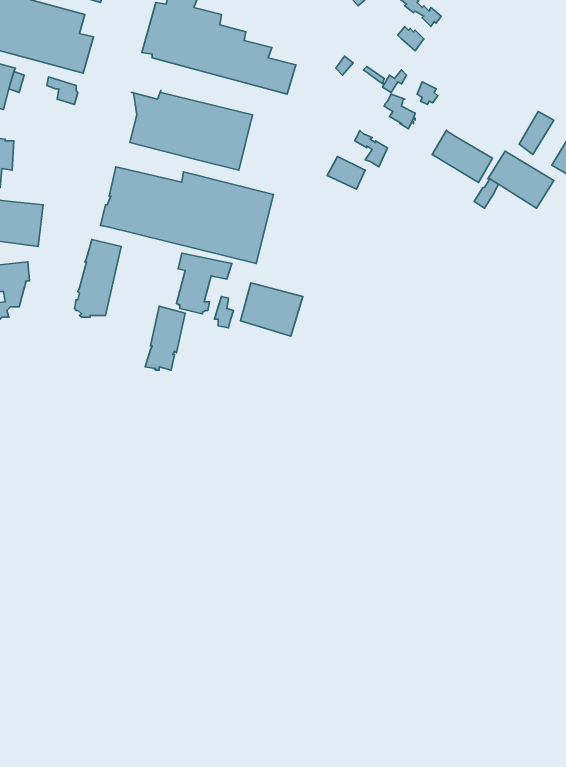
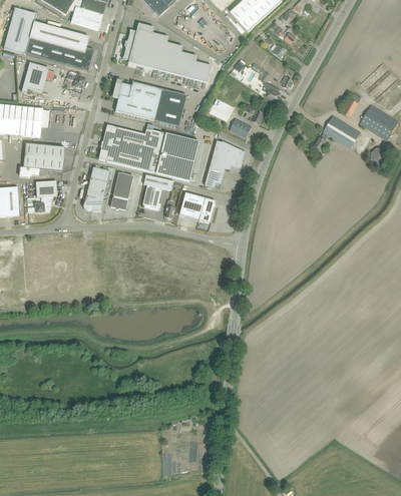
building: [432,130,493,182] -> none
building: none -> [204,140,244,186]
building: [145,306,185,370] -> [109,171,132,208]

